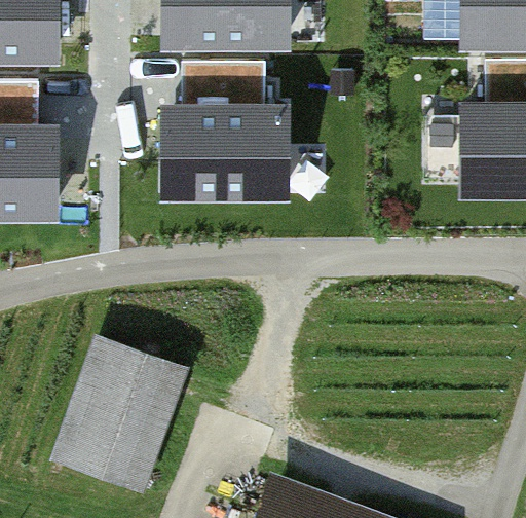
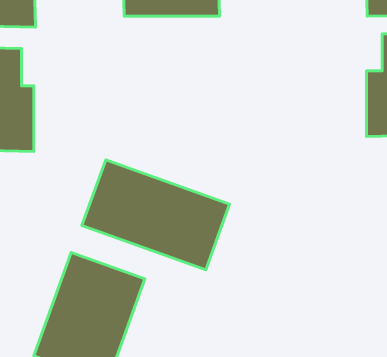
building: [163,66,281,193] -> none
building: none -> [82,160,230,270]

